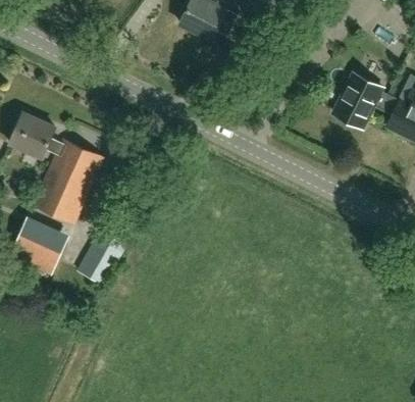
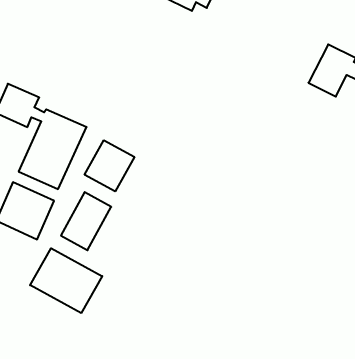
building: none -> [85,140,134,191]
building: none -> [30,248,102,313]

